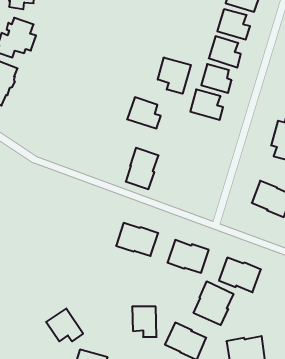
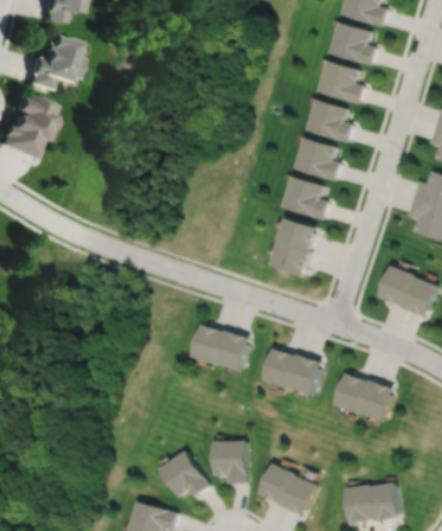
building: [158,57,191,94] -> none
building: [127,97,161,128] -> [282,174,329,218]
building: [126,148,159,189] -> [273,216,319,274]
building: [194,281,233,325] -> none
building: [46,308,83,341] -> [159,450,211,497]

